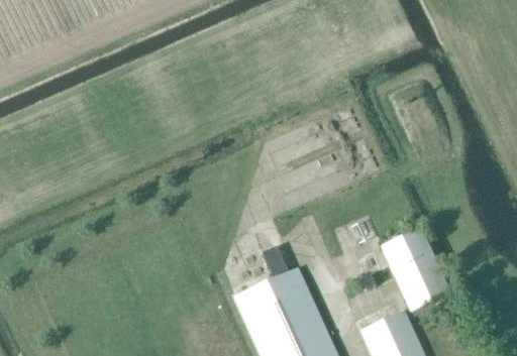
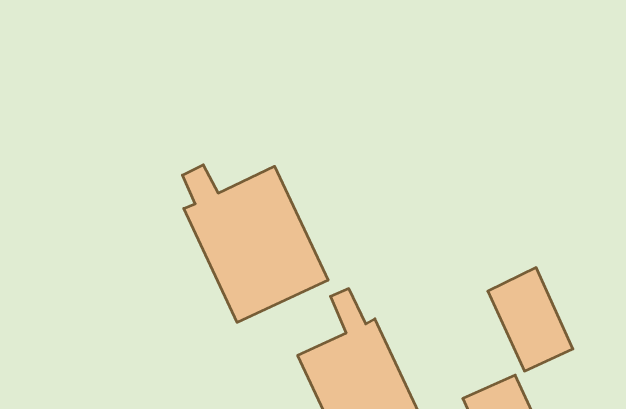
building: none -> [182,165,328,322]

